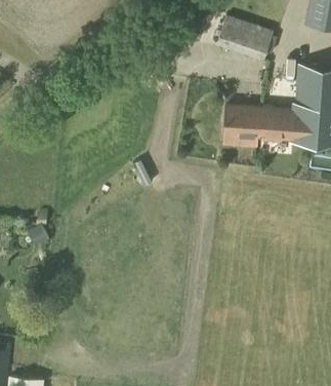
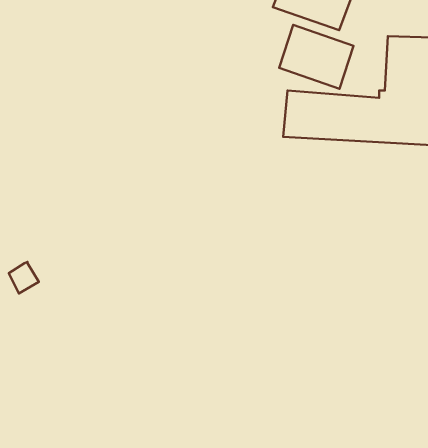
building: none -> [279,25,354,89]

